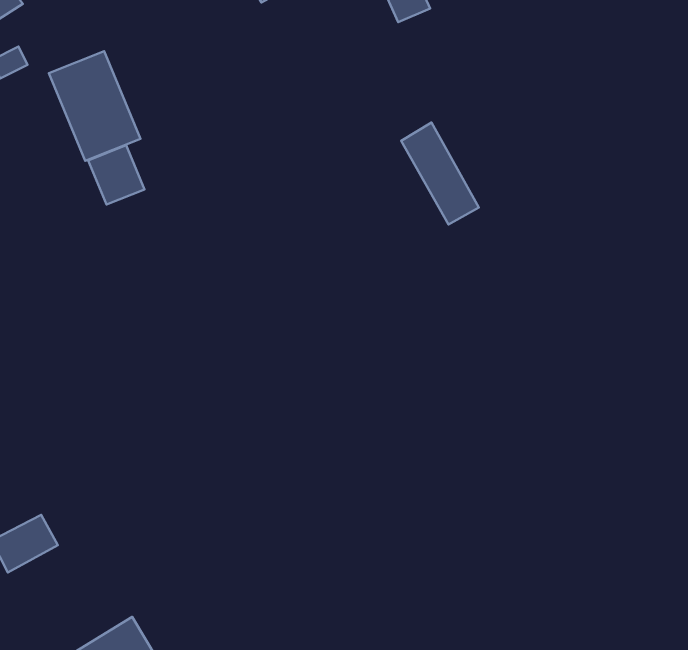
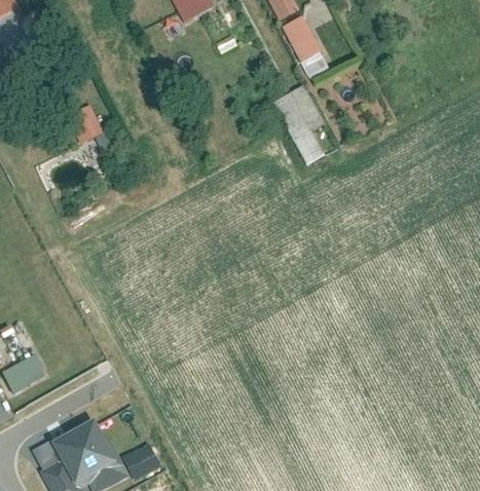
building: none -> [280,15,326,75]
building: [49,51,140,161] -> none

